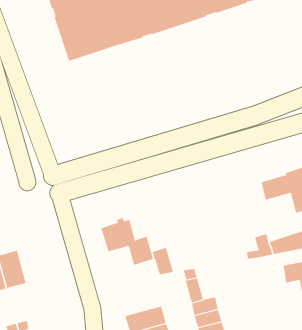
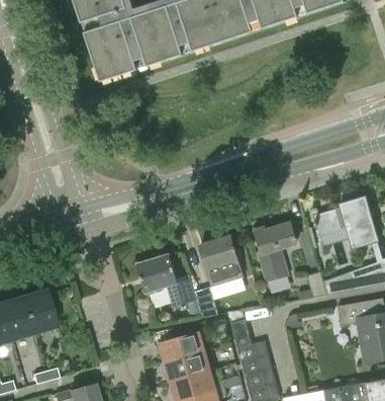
building: none -> [252,222,294,283]
building: none -> [197,237,239,283]
building: none -> [157,324,203,363]

